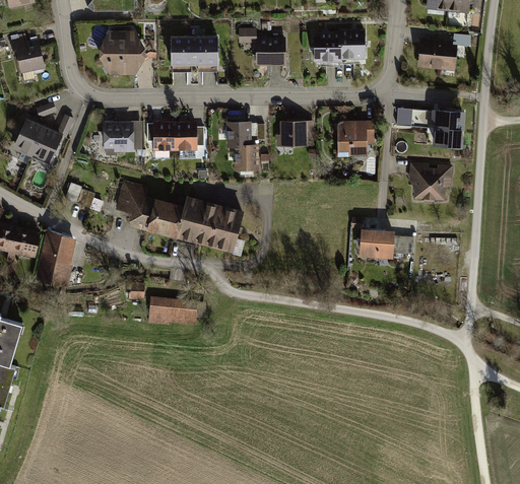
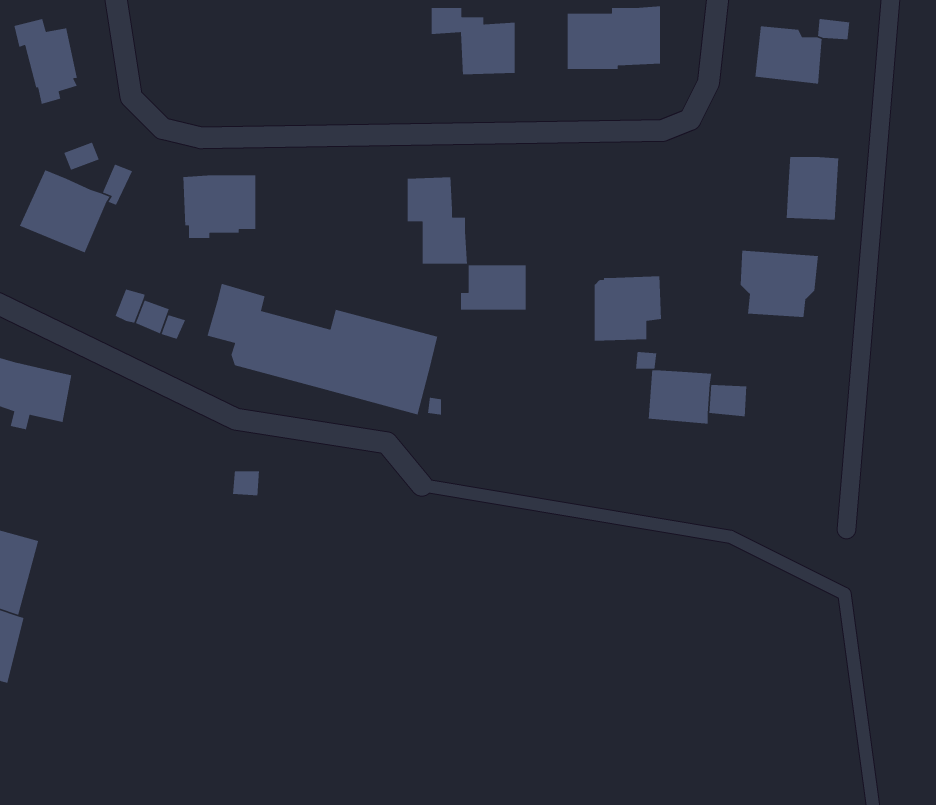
building: [99,31,144,75] -> none
building: [170,34,219,65] -> none
building: [397,108,437,128] -> none
building: [337,120,375,156] -> [594,275,662,342]
building: [276,121,313,146] -> [460,265,527,311]
building: [152,122,196,151] -> none
building: [35,229,76,287] -> none
building: [148,296,197,326] -> none

